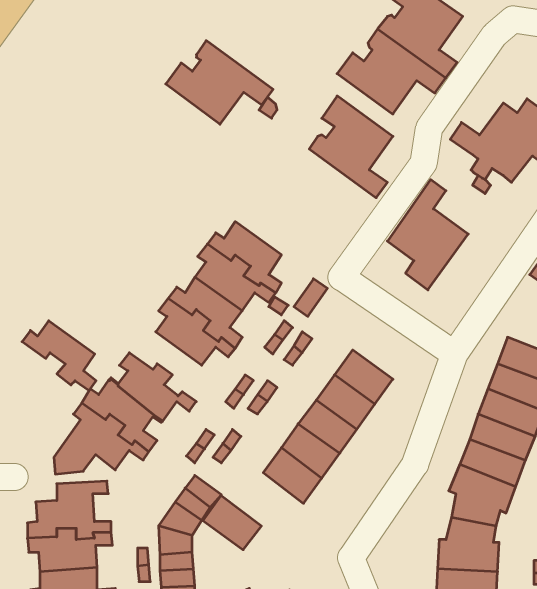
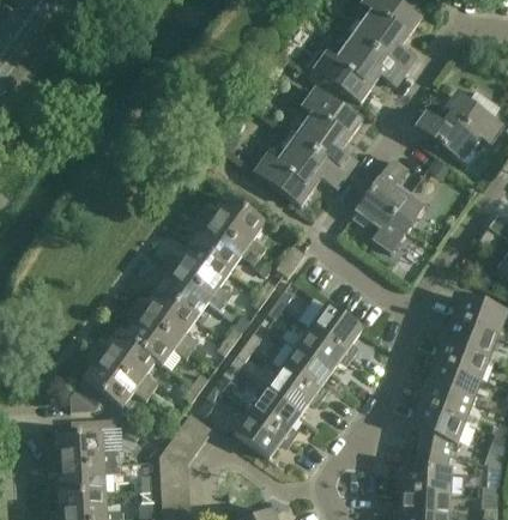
building: [166,41,273,124] -> [254,132,346,204]
building: [22,321,96,390] -> [134,289,198,349]
building: [203,495,261,550] -> [234,410,284,456]

